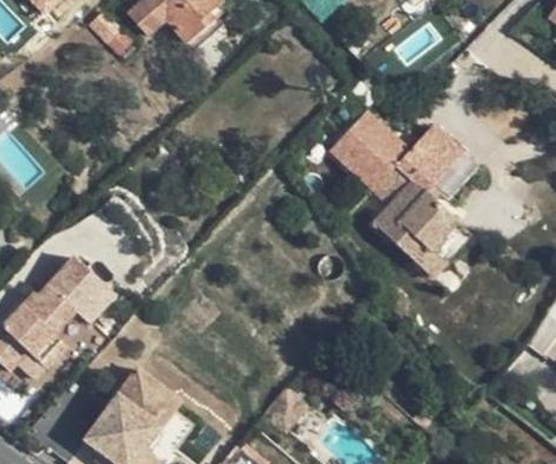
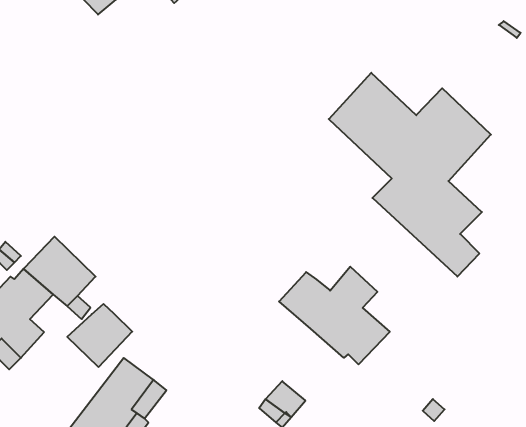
building: none -> [279,267,390,364]
building: none -> [67,304,132,367]

